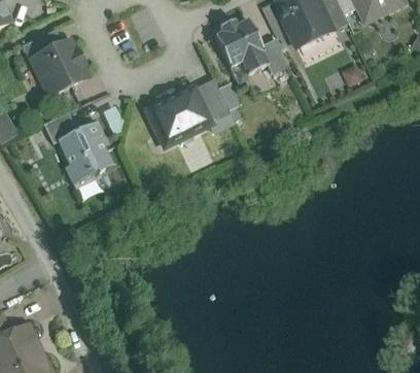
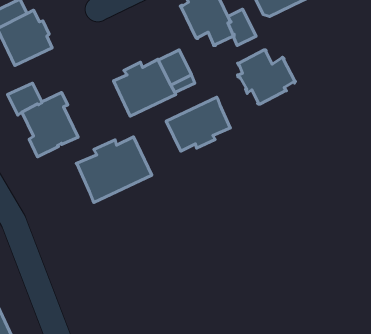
building: none -> [237,50,295,104]
building: none -> [166,97,231,151]
building: none -> [76,137,152,203]

